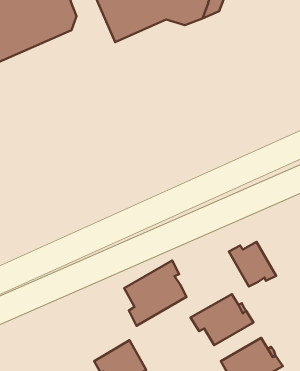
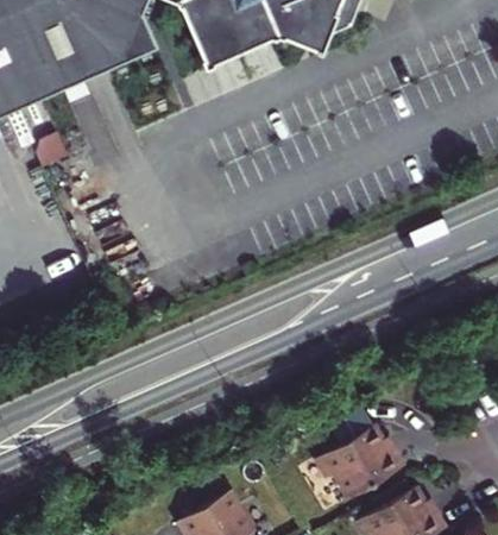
building: [229,242,276,287] -> none
building: [124,260,187,326] -> none

